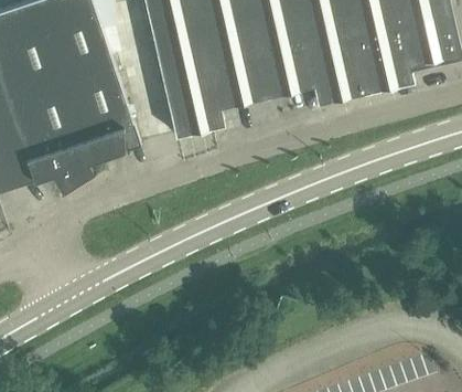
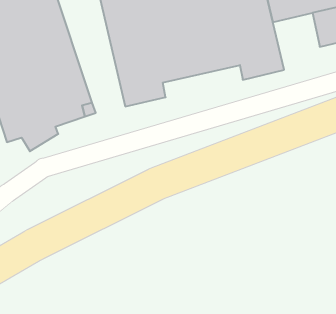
building: [354,27,415,95] -> none

